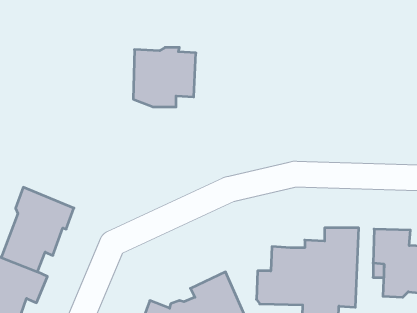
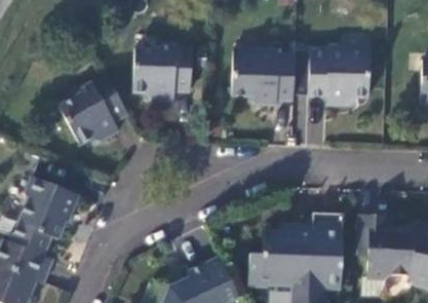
building: none -> [308,44,371,105]
building: none -> [231,47,295,104]
building: none -> [59,78,128,144]

